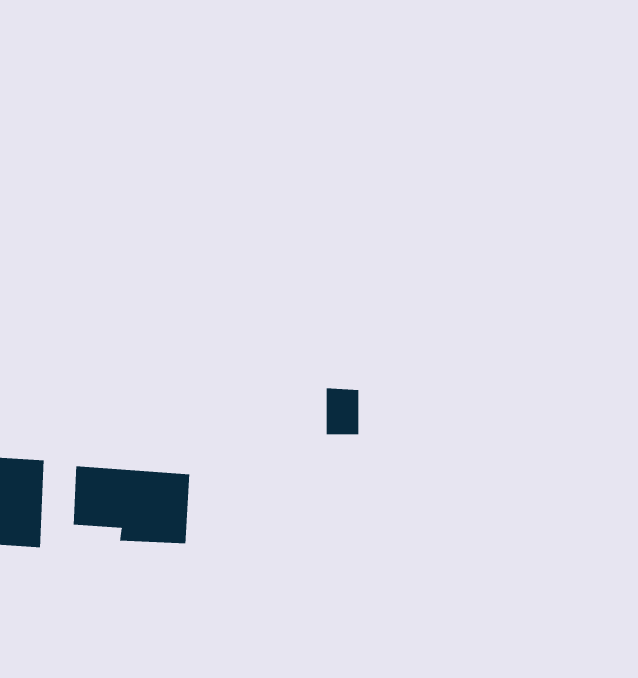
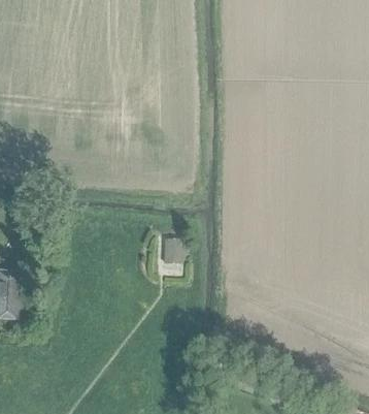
building: [73,465,190,544] -> none

